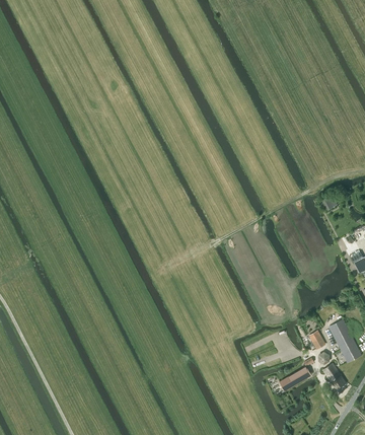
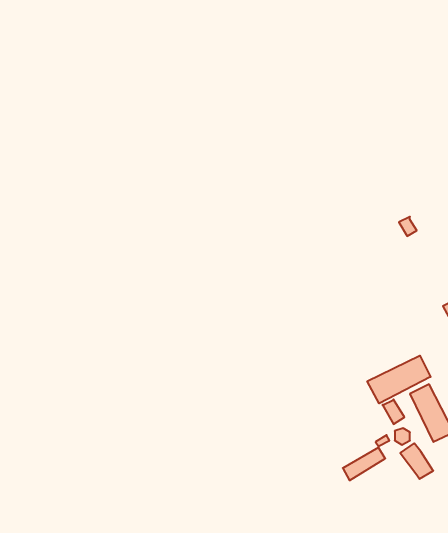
building: none -> [367,356,431,403]

